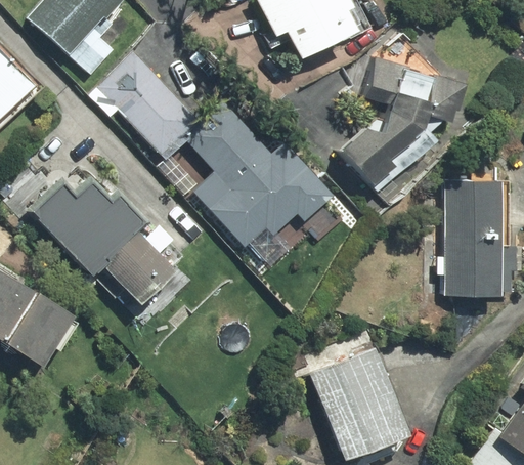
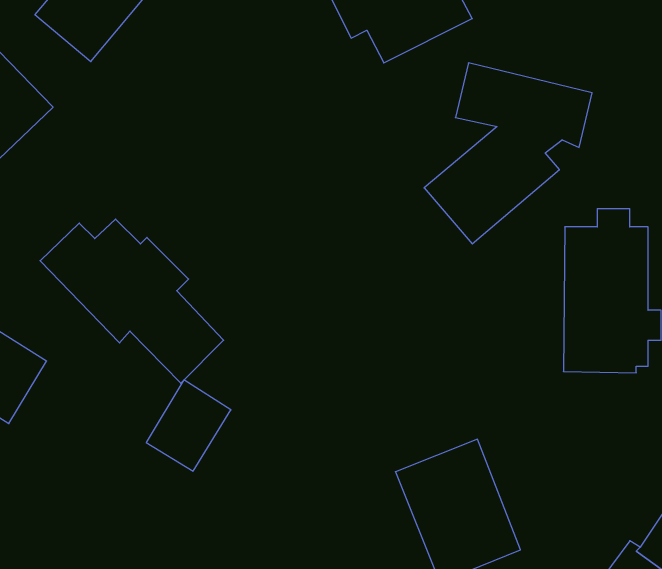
building: [94,52,204,161] -> none
building: [189,100,335,251] -> none
building: [7,291,74,363] -> [146,380,231,471]

